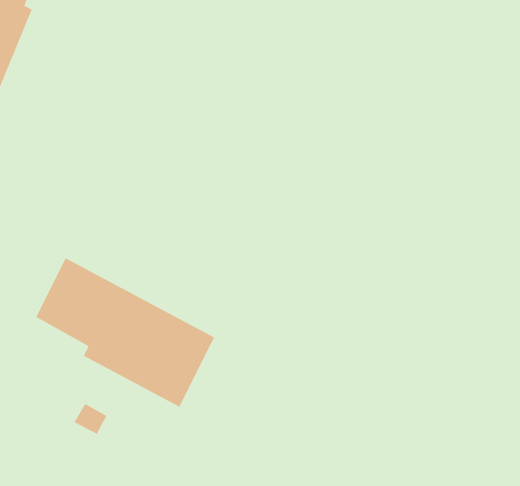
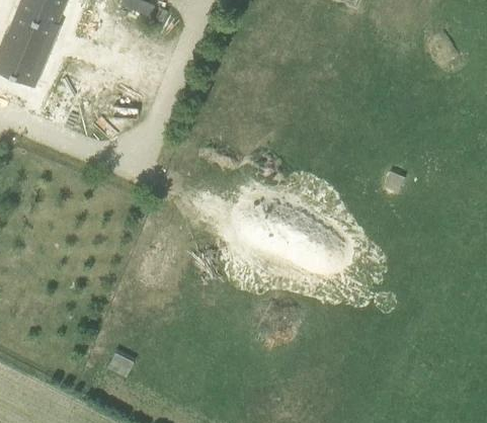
building: [36,257,215,408] -> none

